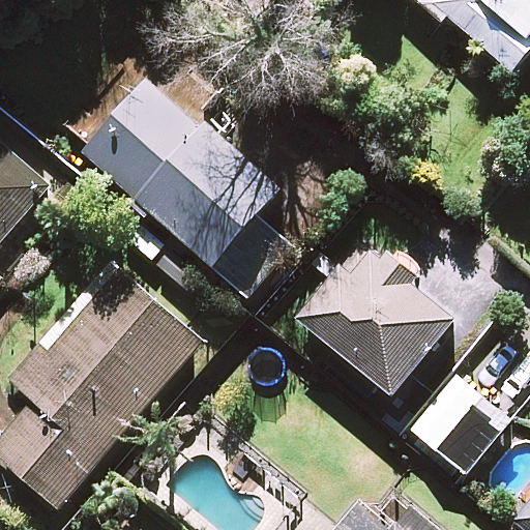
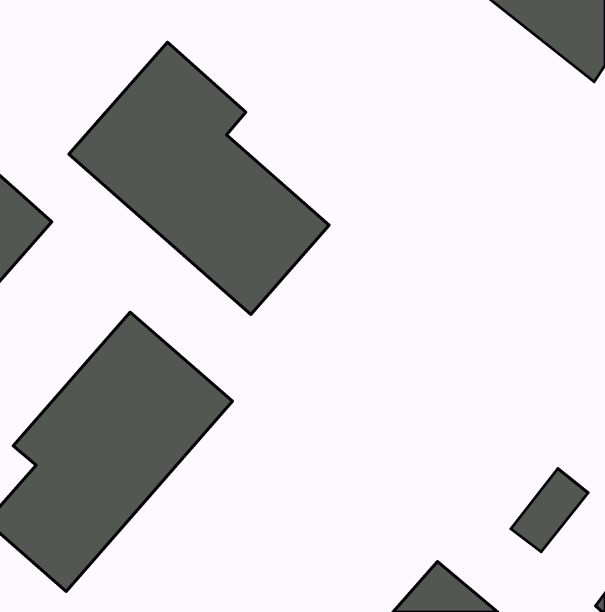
building: [297,234,459,417] -> none

